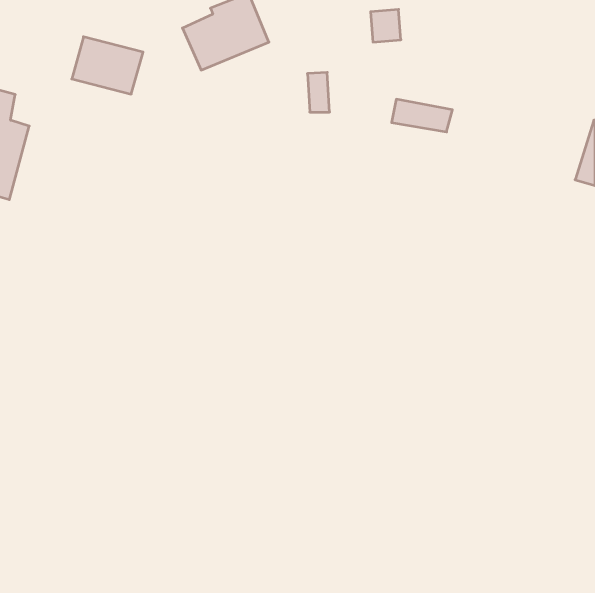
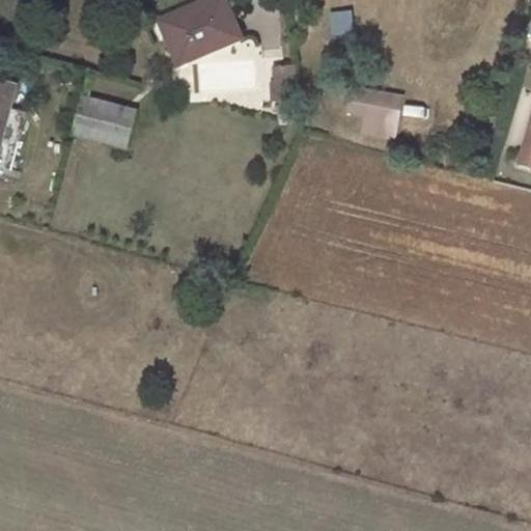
building: [72,37,143,94] -> [72,95,135,146]

